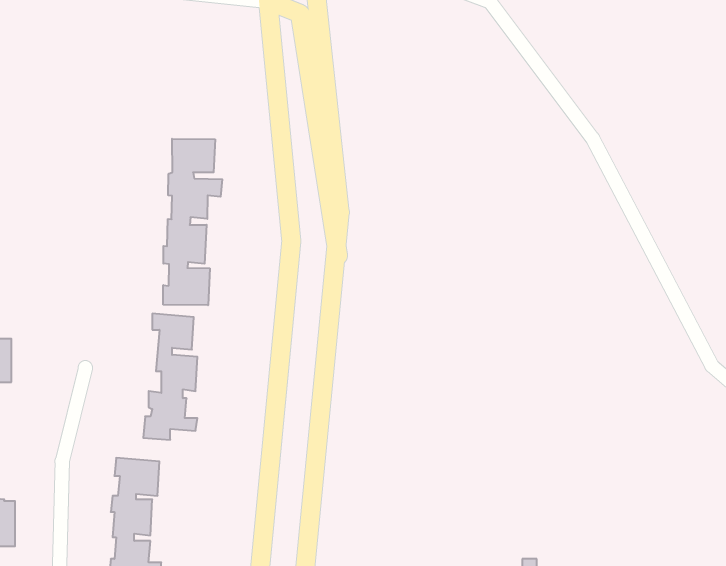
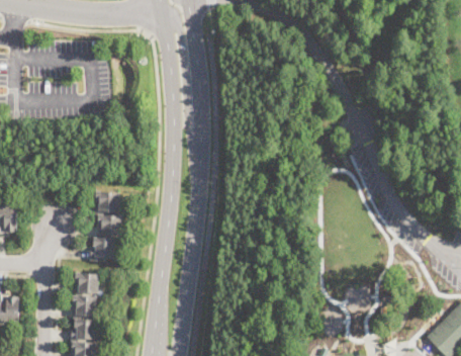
building: [163,139,222,305] -> none

